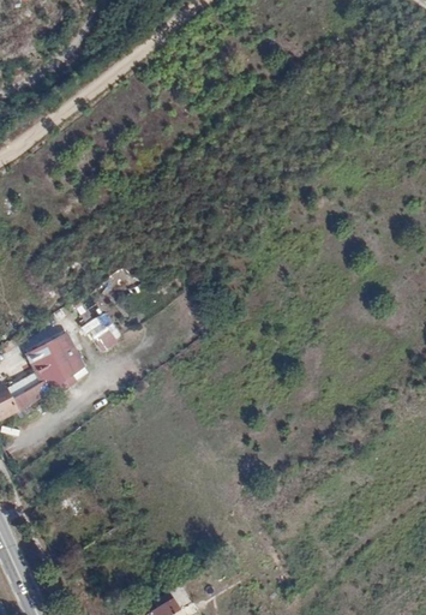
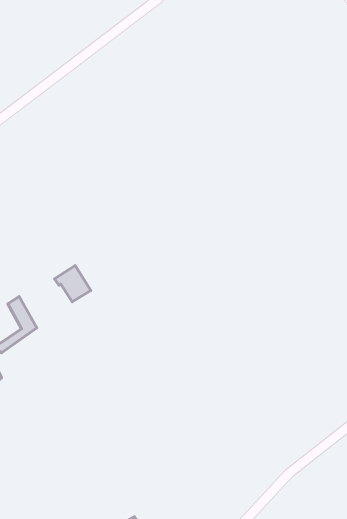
building: [38,332,84,382] -> none

